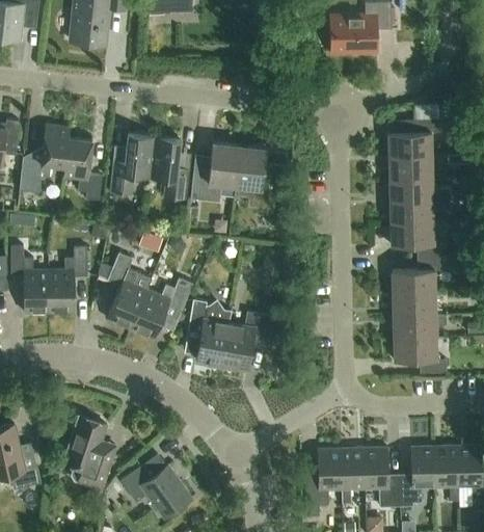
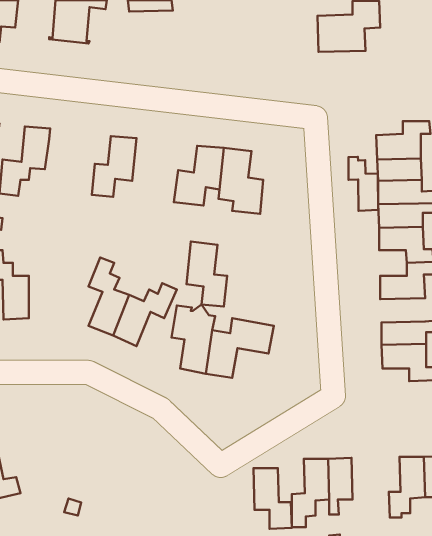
building: [150,136,189,200] -> [187,242,227,307]
building: [63,137,102,201] -> none
building: none -> [348,157,378,211]
building: [49,246,87,312] -> none
building: [392,292,435,316] -> none
building: [63,413,116,488] -> none
building: [364,448,401,507] -> [253,468,292,529]
building: [120,466,191,517] -> none

